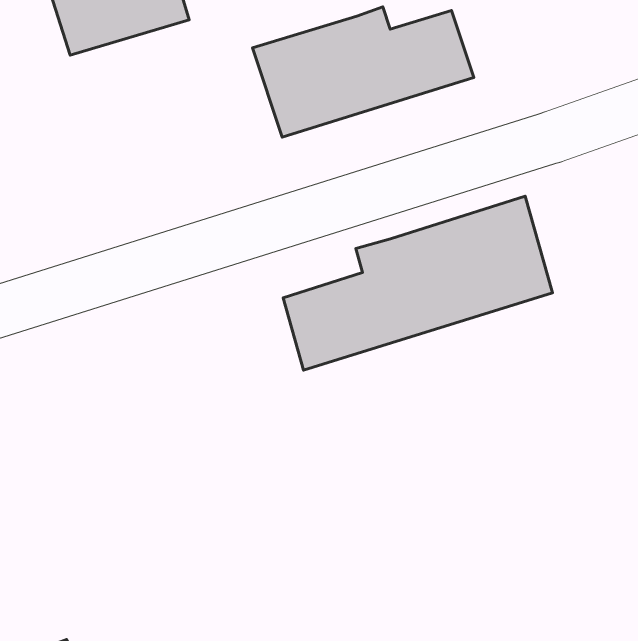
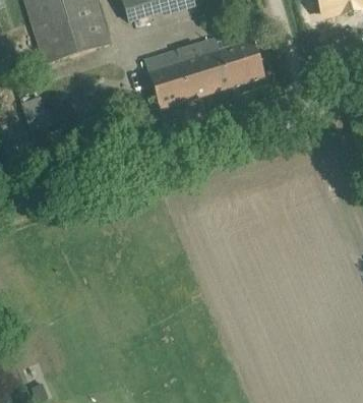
building: [283,196,553,370] -> none

